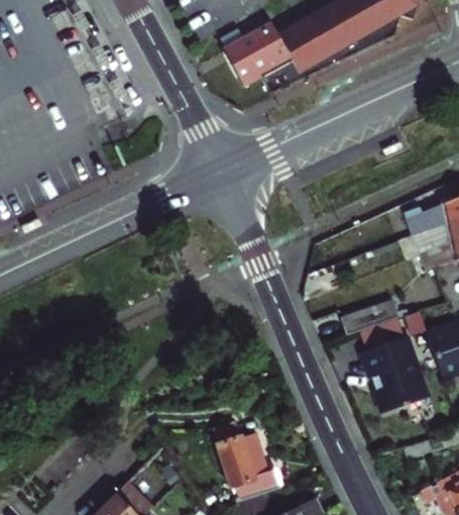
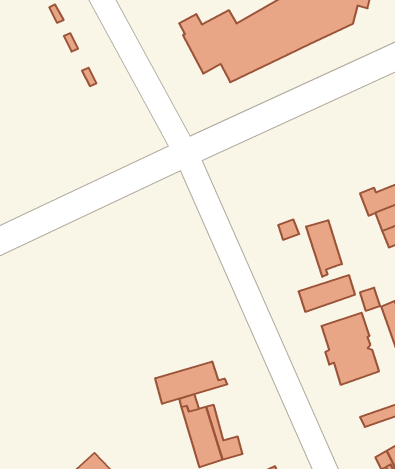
building: none -> [306,220,342,277]
building: none -> [155,361,227,404]

